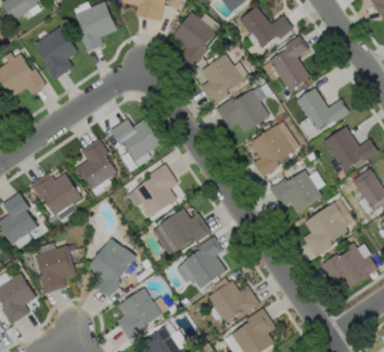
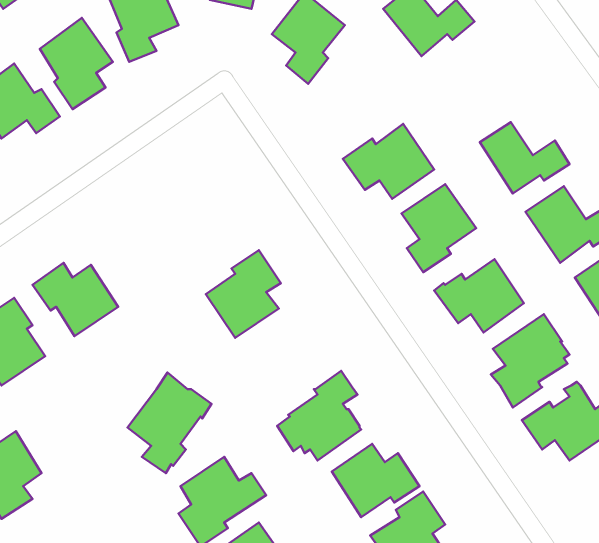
building: [268,36,309,91] -> none
building: [200,54,243,105] -> none
building: [110,118,162,161] -> none
building: [75,138,117,190] -> none
building: [158,209,212,251] -> none
building: [37,244,76,293] -> none

